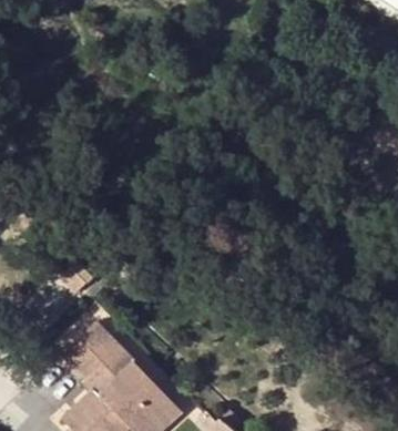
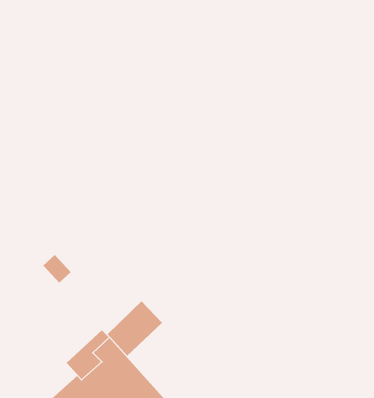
building: [63,319,119,374] -> [107,300,163,356]

